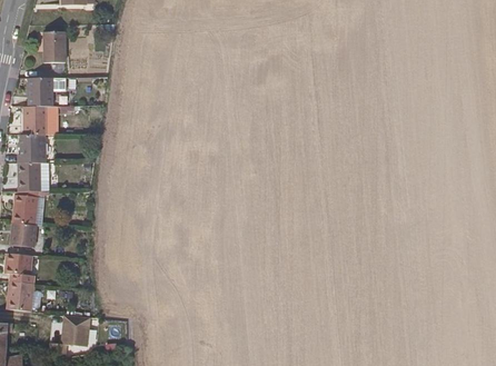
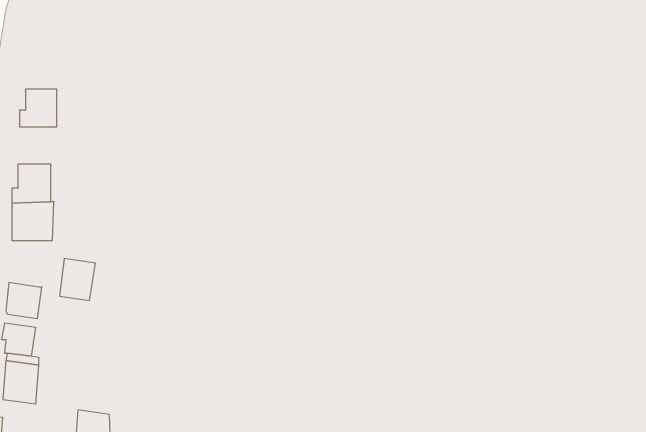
building: [41,31,62,61] -> none
building: [21,105,46,132] -> none
building: [14,192,41,224] -> [60,259,96,301]

